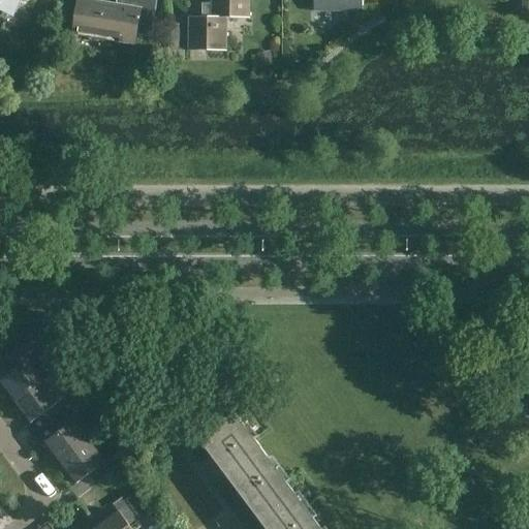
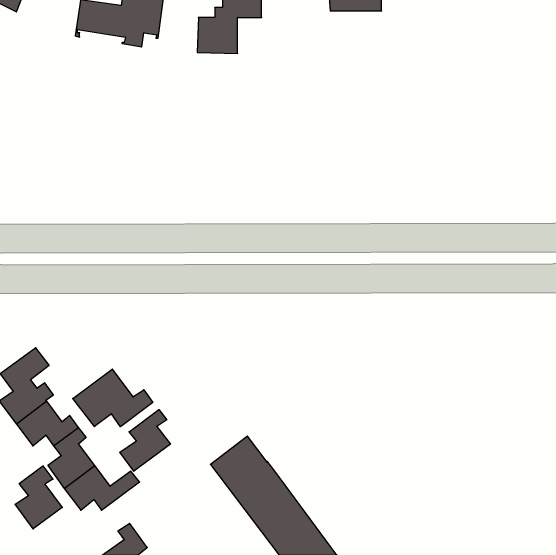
building: none -> [73,369,153,427]
building: none -> [120,410,170,471]
building: none -> [15,466,62,529]

